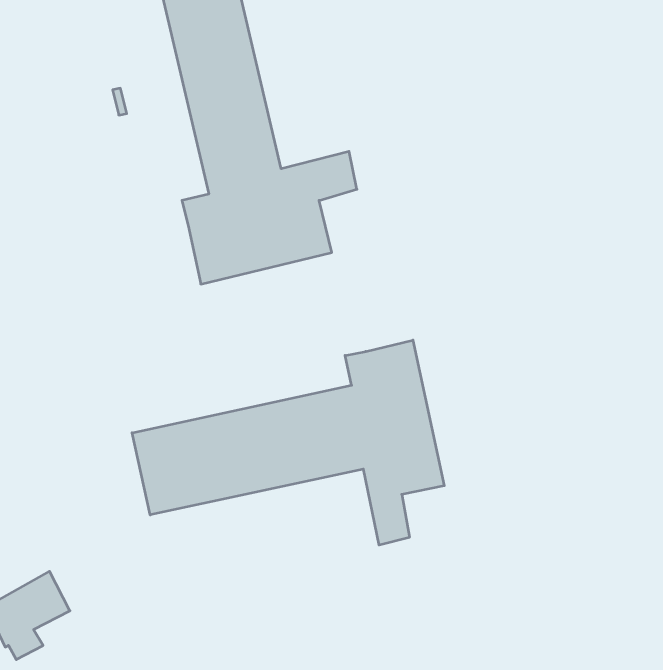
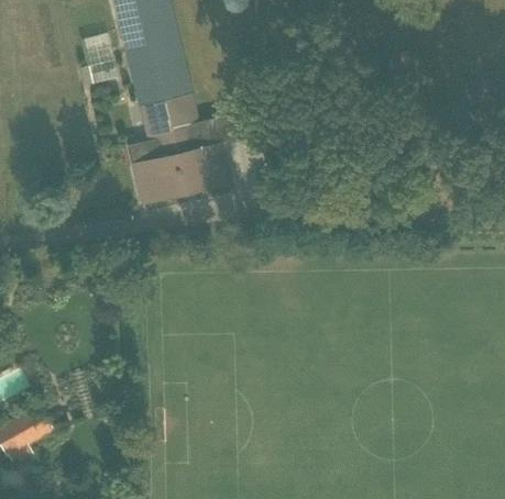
building: [132,340,444,545] -> none

